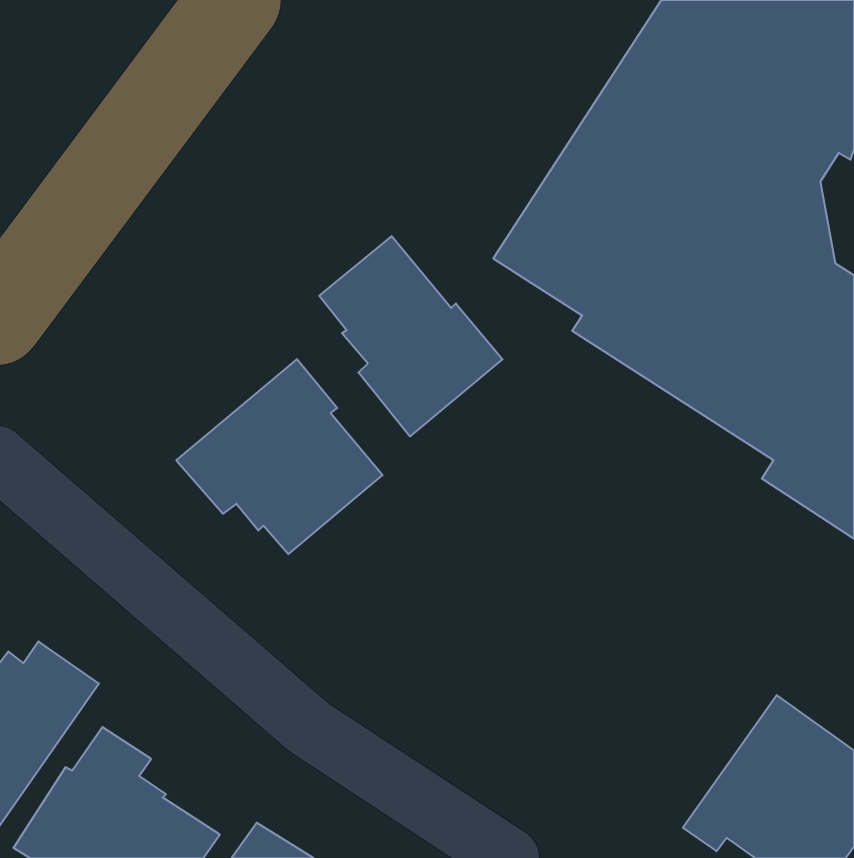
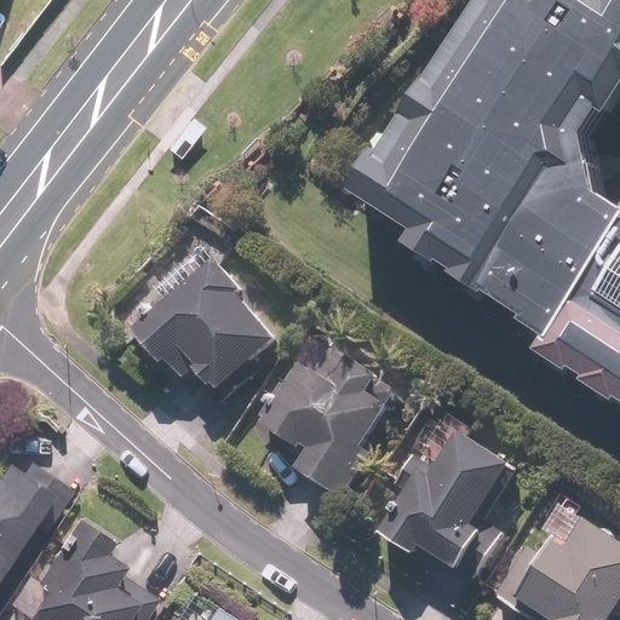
building: [319,236,503,436] -> none
building: none -> [263,350,388,501]
building: none -> [367,408,515,579]

